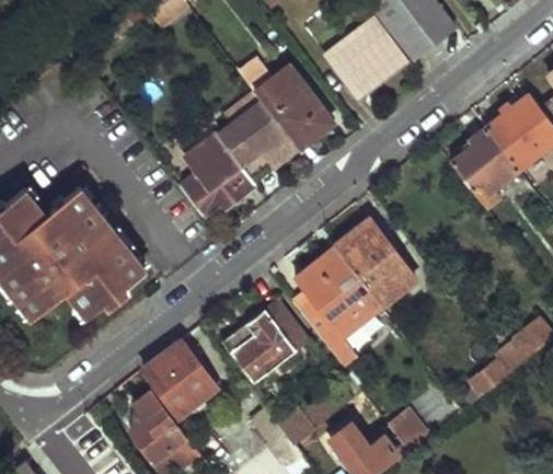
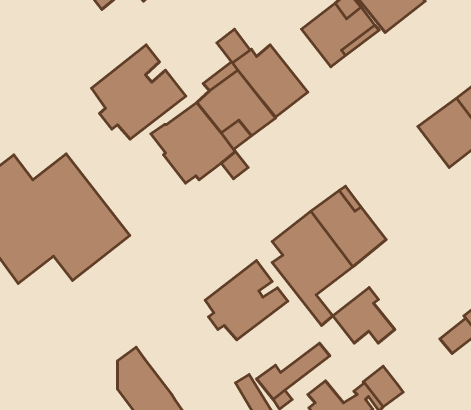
building: none -> [92,45,186,139]
building: none -> [333,287,395,343]
building: [146,340,219,417] -> none

